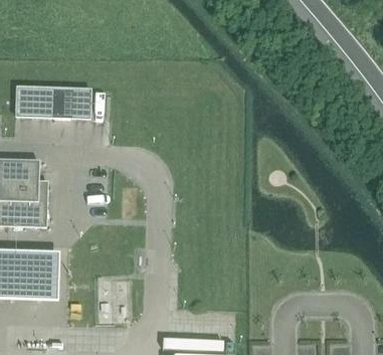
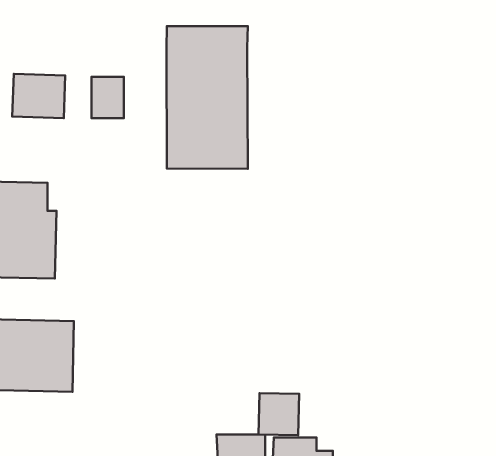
building: none -> [166,26,248,169]
building: [51,85,70,115] -> none
building: none -> [259,393,299,435]

